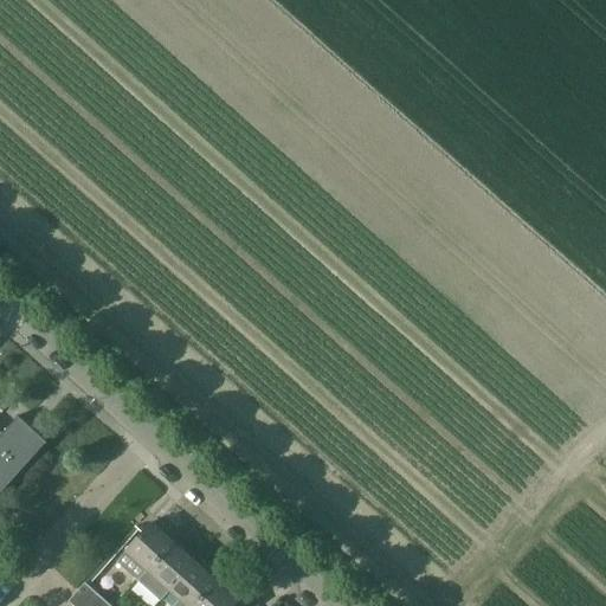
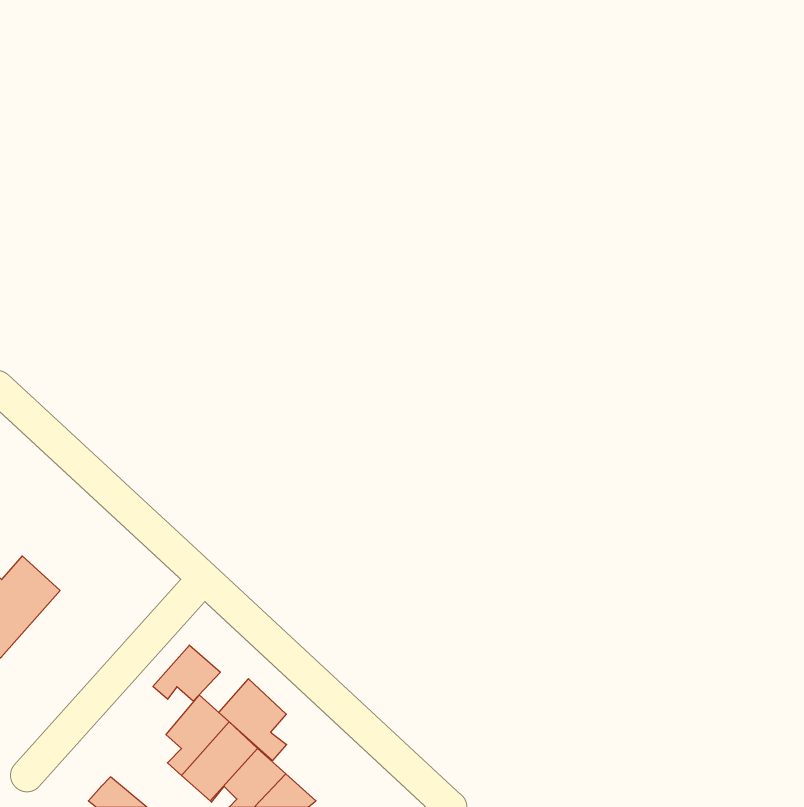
building: none -> [153,645,220,701]
building: none -> [219,679,287,760]

